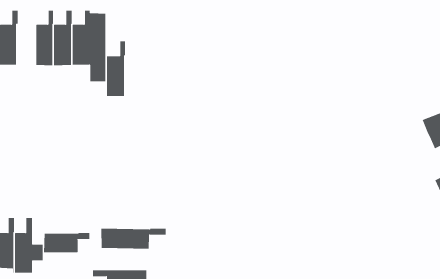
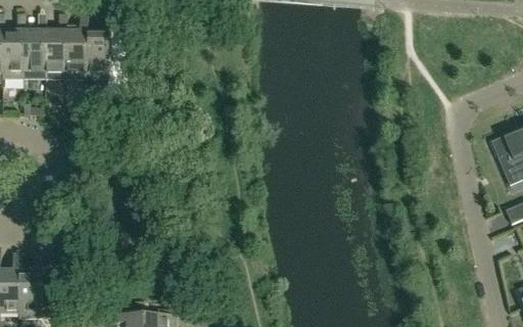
building: [106,41,126,97] -> [23,13,46,78]
building: [101,228,166,249] -> none
building: [43,232,90,253] -> none

